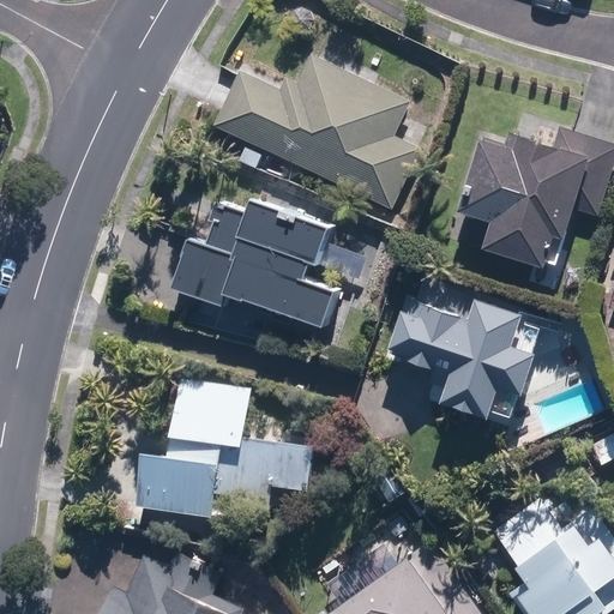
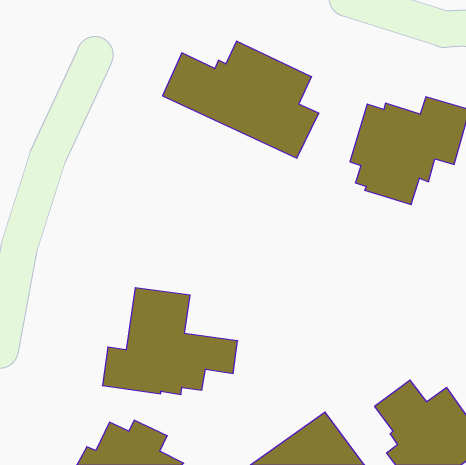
building: [170,203,332,329] -> none
building: [386,302,541,419] -> none

